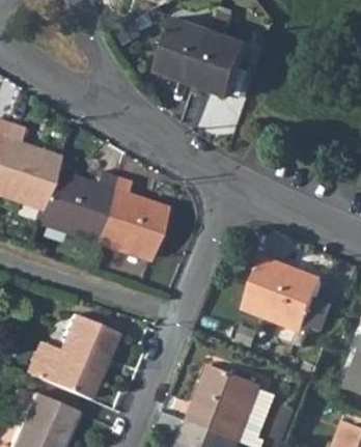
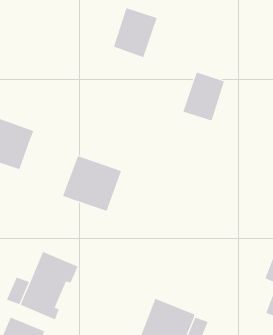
building: [197,26,249,86] -> [182,72,225,121]
building: [41,174,116,244] -> none
building: [242,263,318,332] -> none

